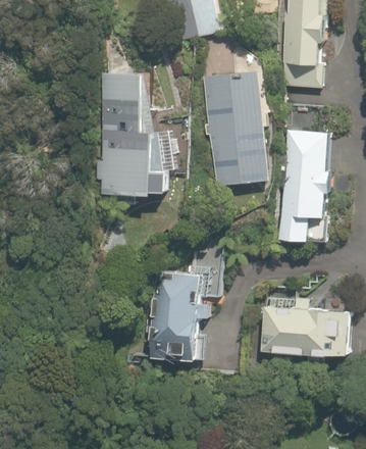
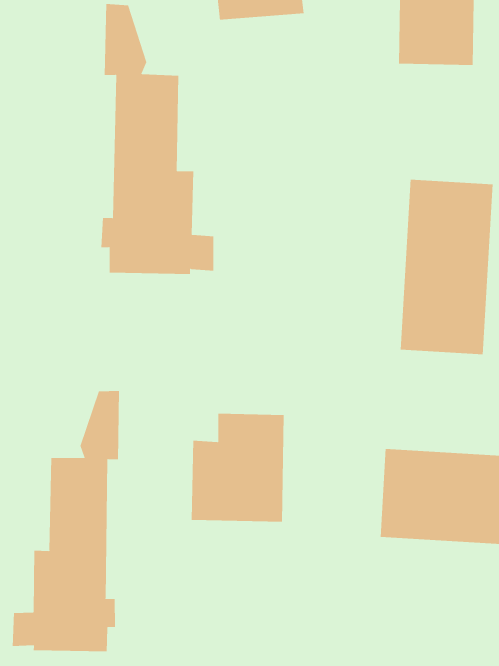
building: [202,76,270,186] -> none
building: none -> [12,390,120,652]

